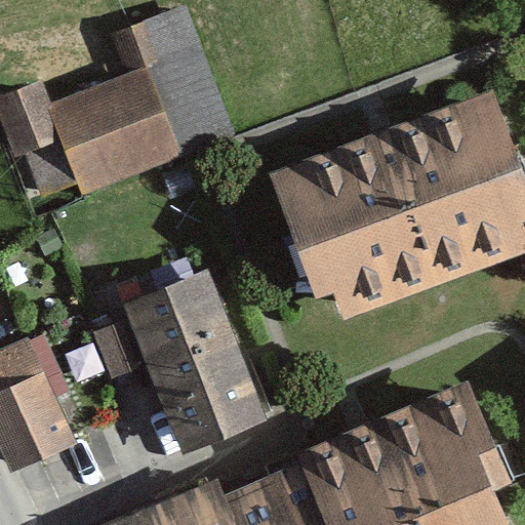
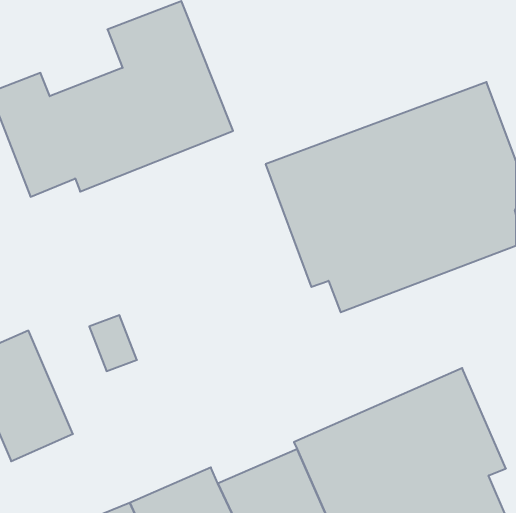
building: [120,270,269,455] -> none

